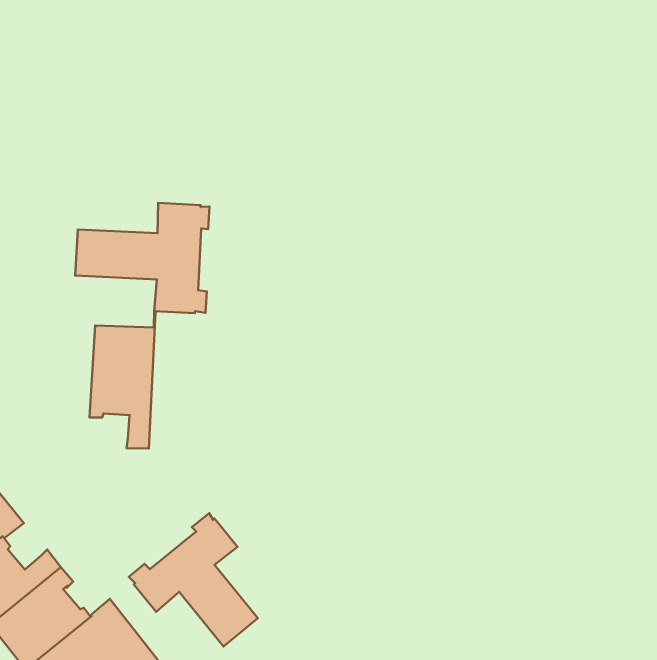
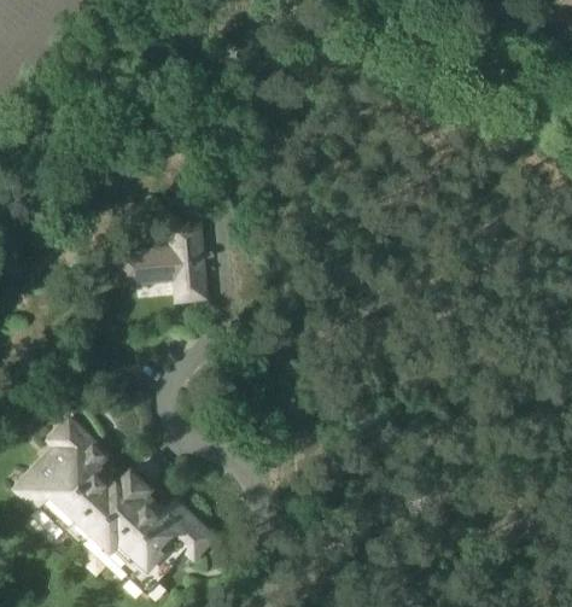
building: [90,311,155,449] -> none
building: [129,513,258,647] -> none

